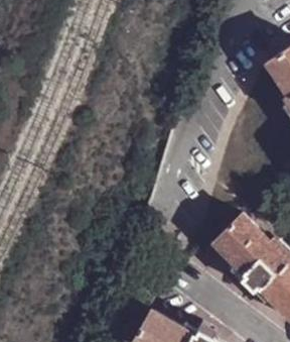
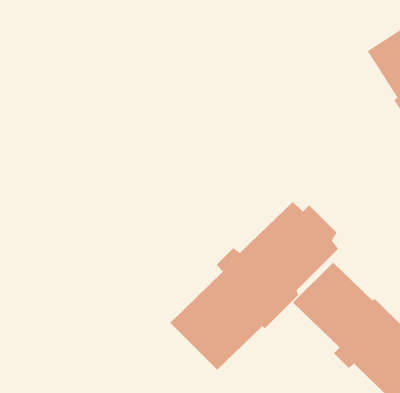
building: none -> [169,201,339,370]

